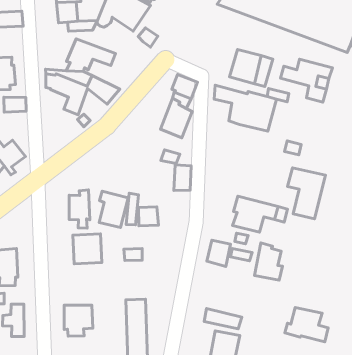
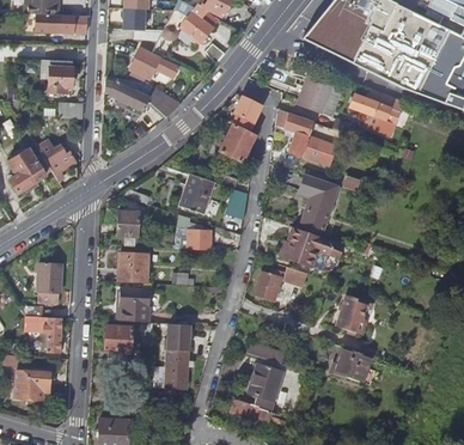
building: [287,168,326,219] -> [297,175,337,230]
building: [99,191,128,228] -> [181,172,213,212]
building: [254,243,282,280] -> [336,294,366,335]
building: none -> [118,289,148,323]

